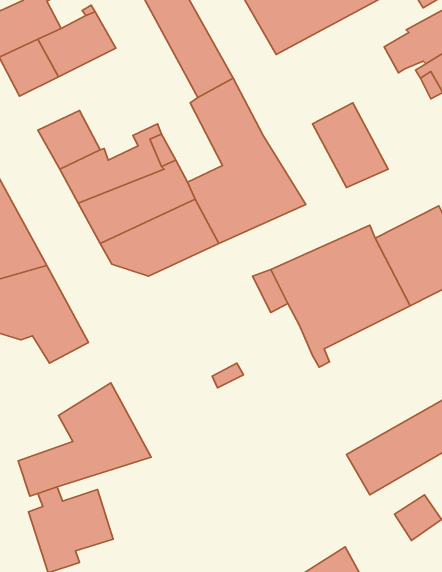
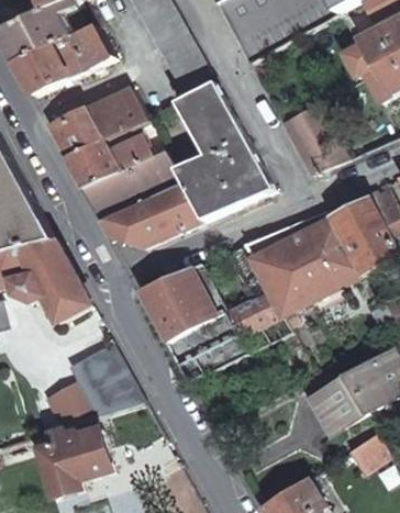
building: none -> [81,87,147,142]
building: none -> [136,265,211,342]
building: none -> [222,290,278,337]

